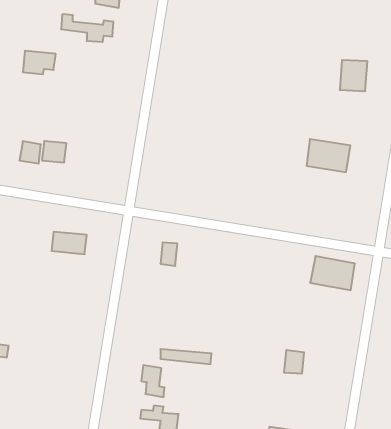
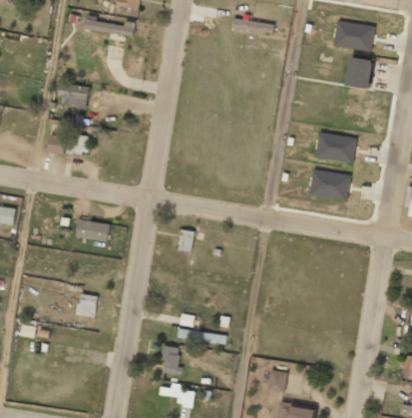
building: none -> [333,20,375,52]
building: [23,51,56,74] -> [59,83,90,105]
building: [310,256,355,290] -> [309,168,351,200]
building: none -> [77,294,98,318]
building: [284,350,304,374] -> [268,370,287,392]

